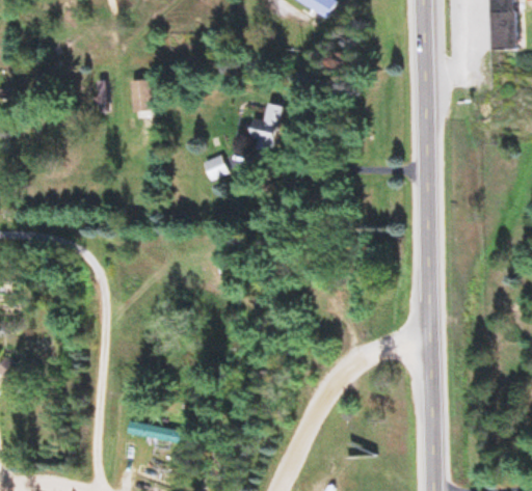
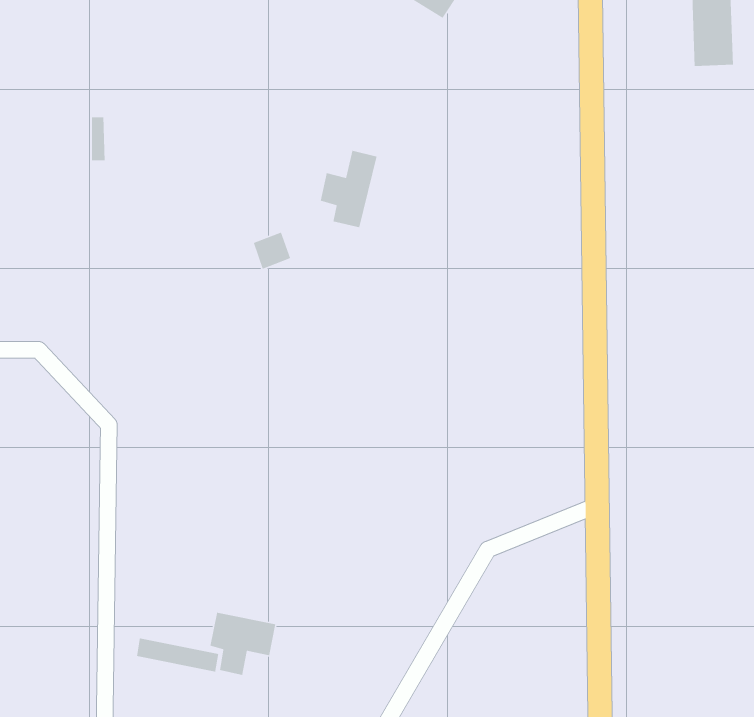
building: [129,78,152,112] -> none
building: none -> [210,612,276,676]

